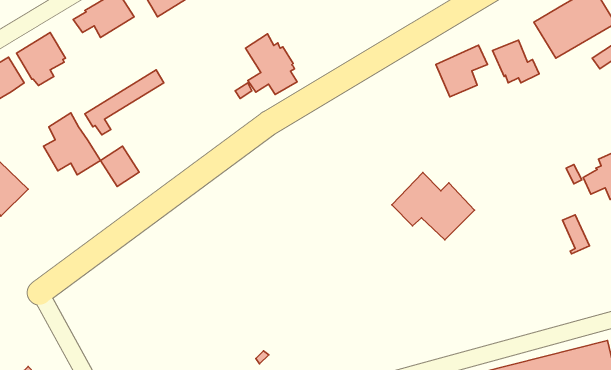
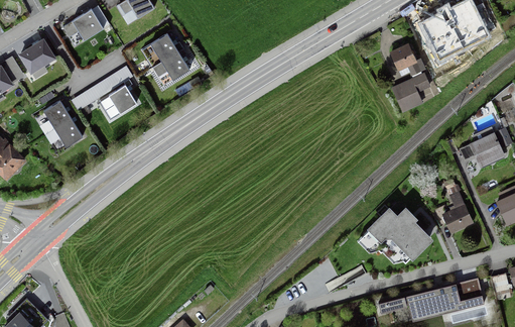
building: [245,34,297,95] -> [149,32,189,80]
building: [436,45,488,97] -> [390,73,430,113]
building: [100,146,139,186] -> [107,84,137,115]
building: [392,173,475,240] -> [364,211,428,263]
building: none -> [440,204,473,233]

